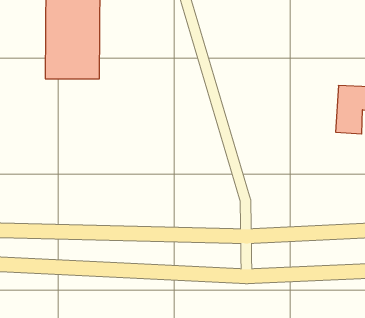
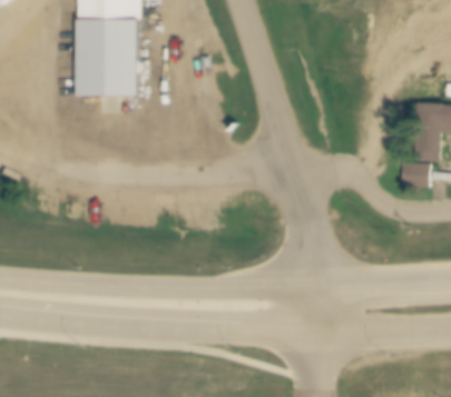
building: none -> [401,163,430,187]

